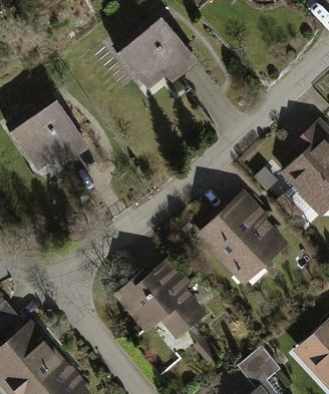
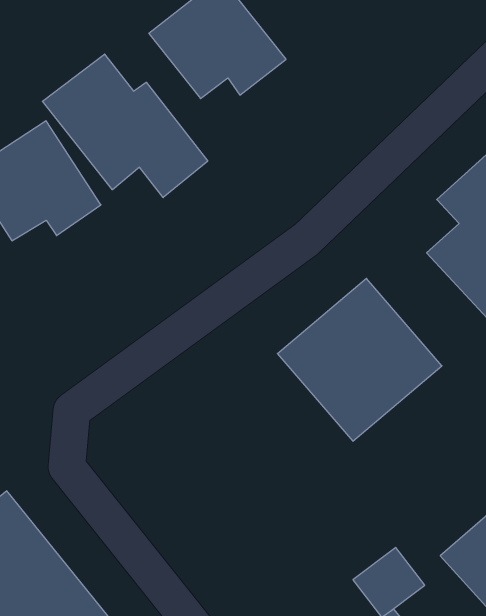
building: none -> [42,54,208,198]
building: [116,260,206,338] -> none

